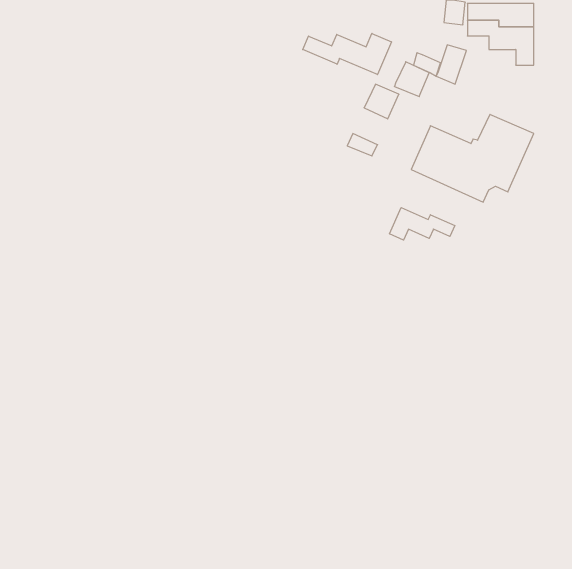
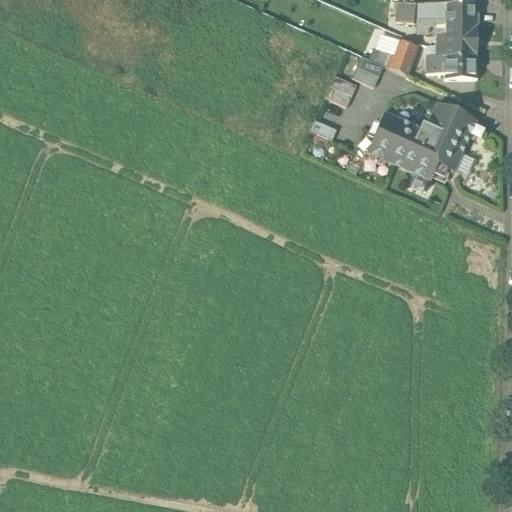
building: [303,33,391,75] -> none
building: none -> [427,44,477,78]
building: [390,208,455,240] -> none

